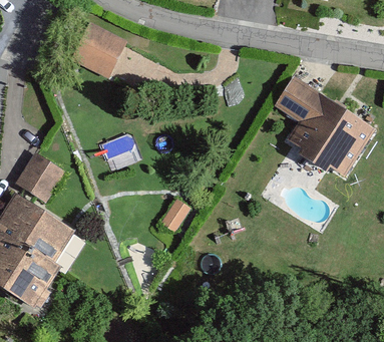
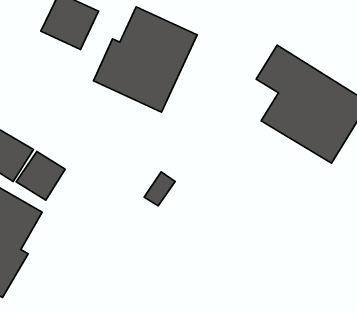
building: none -> [94,7,197,112]
building: none -> [16,151,65,200]

